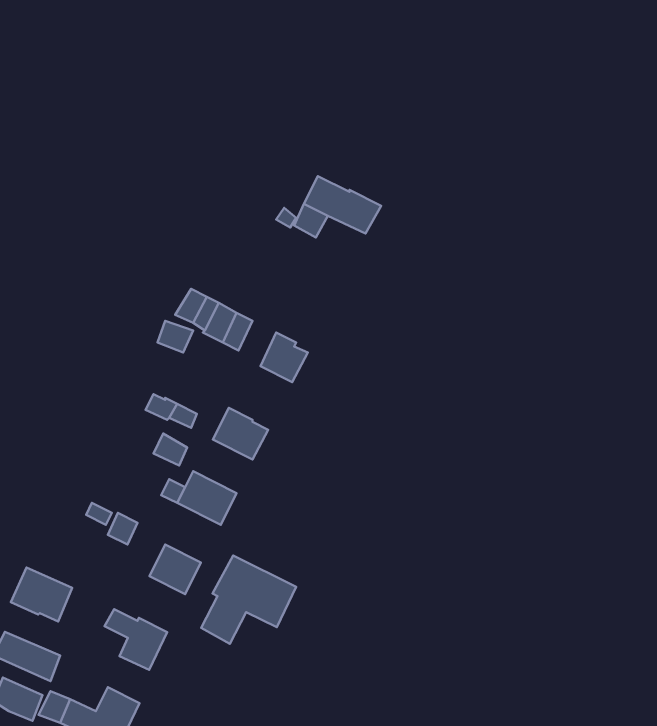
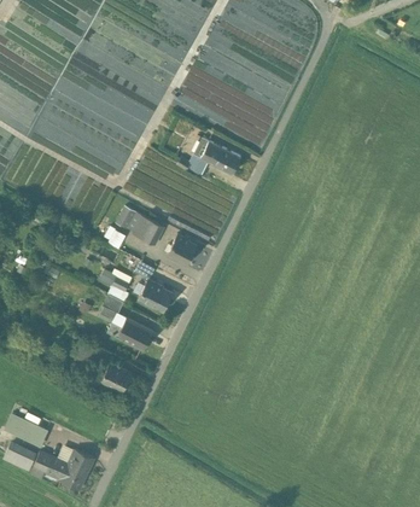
building: [201,555,296,644] -> none
building: [11,567,72,621] -> none
building: [105,609,167,670] -> none

